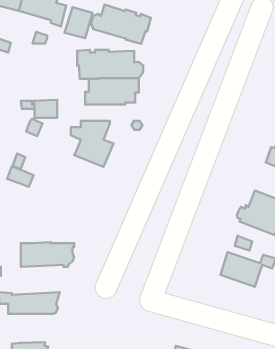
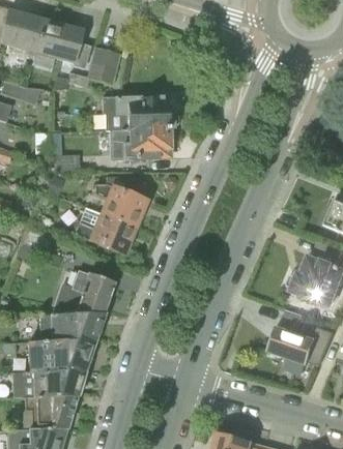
building: [91,4,151,44] -> none
building: none -> [74,208,133,255]
building: none -> [51,273,112,317]
building: none -> [27,341,89,376]
building: none -> [24,397,76,430]

